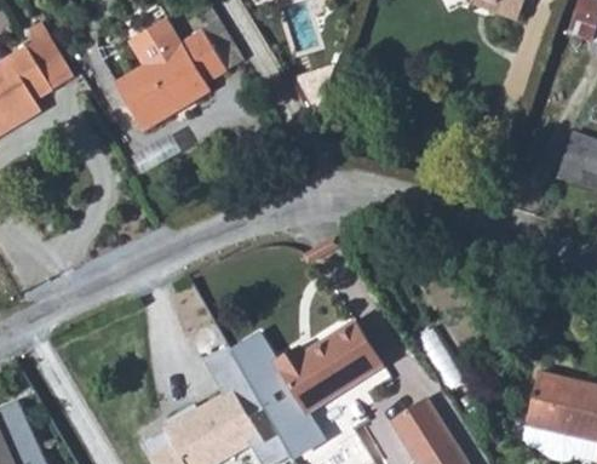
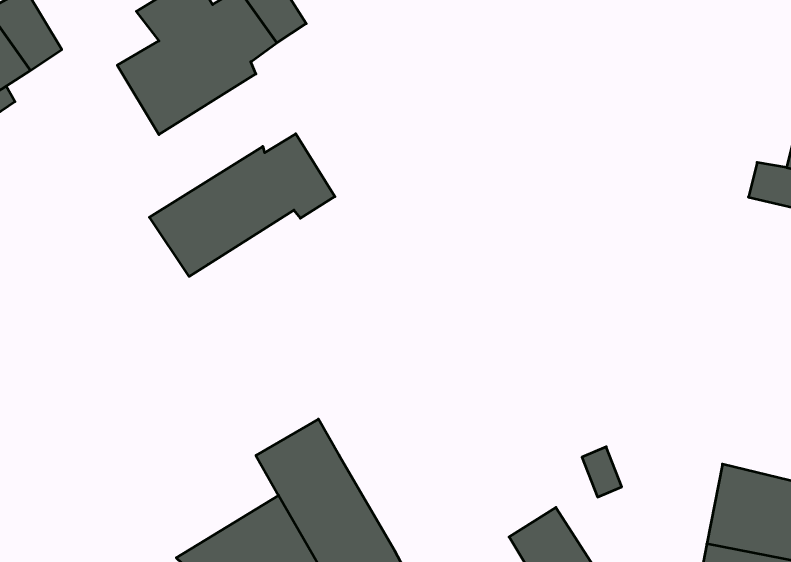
building: none -> [149,134,335,276]
building: [270,316,390,424] -> none

